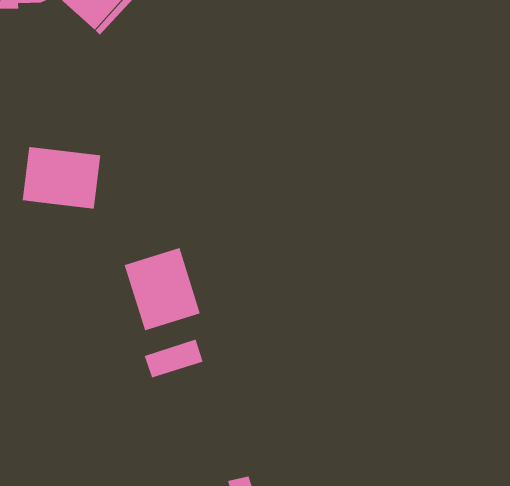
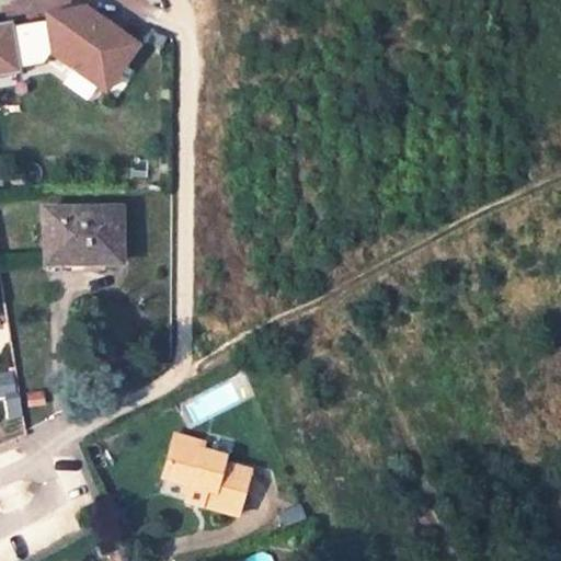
building: [124,247,201,331] -> none
building: none -> [164,436,251,514]

